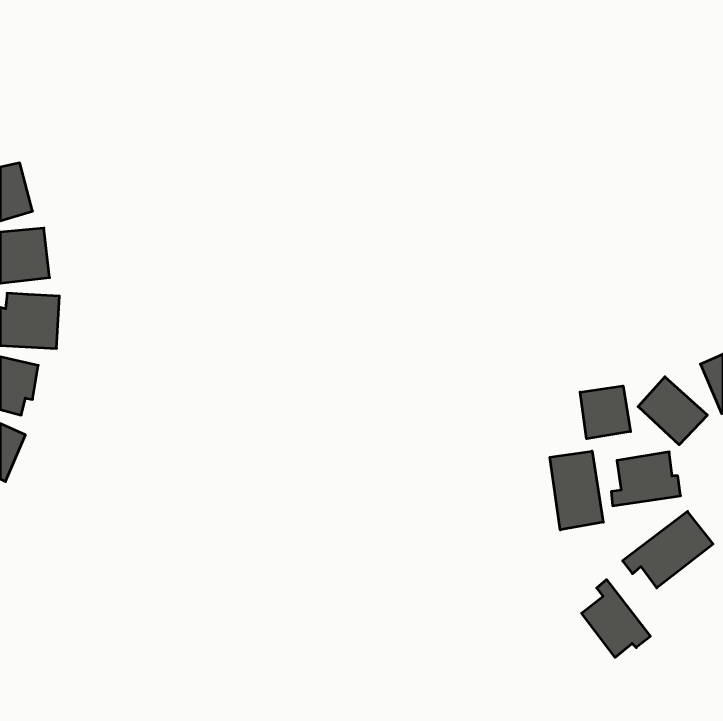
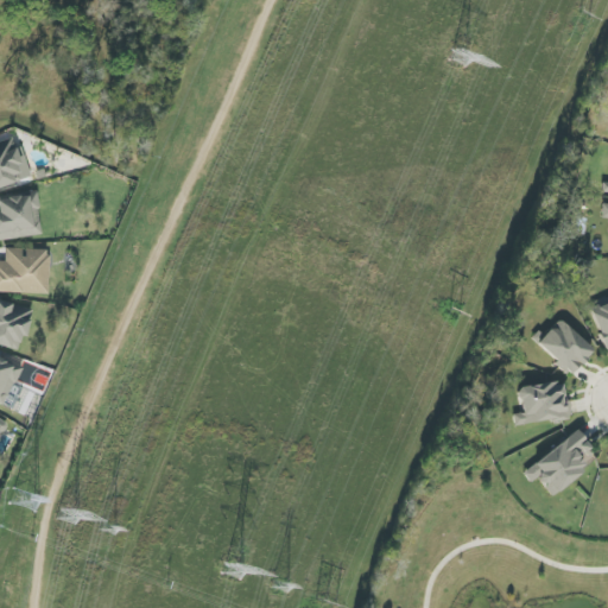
building: [580,386,631,439] -> none
building: [550,451,603,530] -> none
building: [582,580,650,657] -> none

